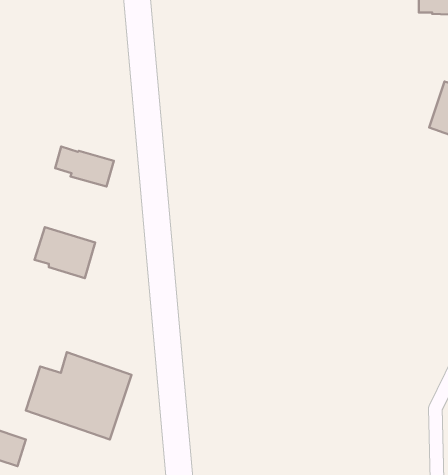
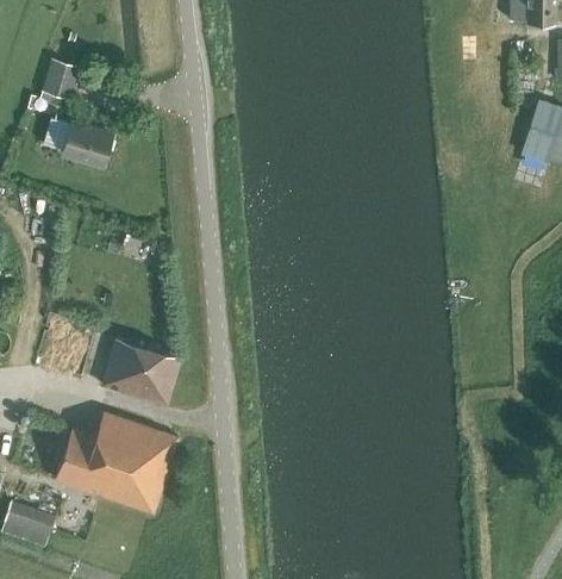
building: none -> [43,58,75,96]
building: [55,147,114,187] -> [45,118,113,164]
building: [35,227,95,278] -> [107,343,177,403]

